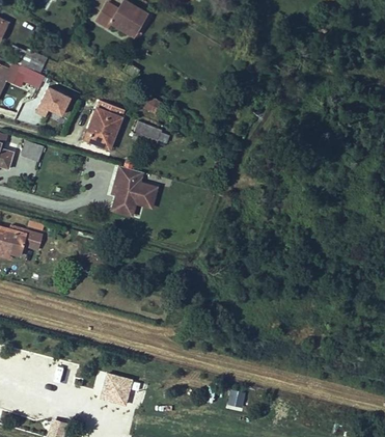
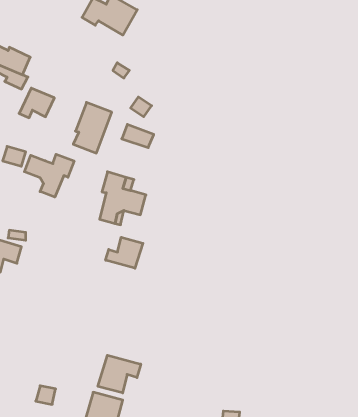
building: none -> [24,154,74,197]
building: none -> [106,237,143,268]
building: none -> [98,355,141,393]

